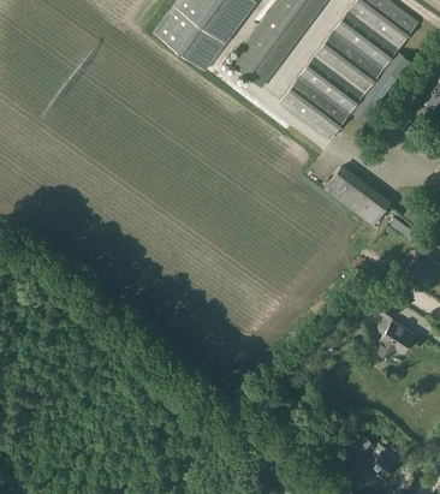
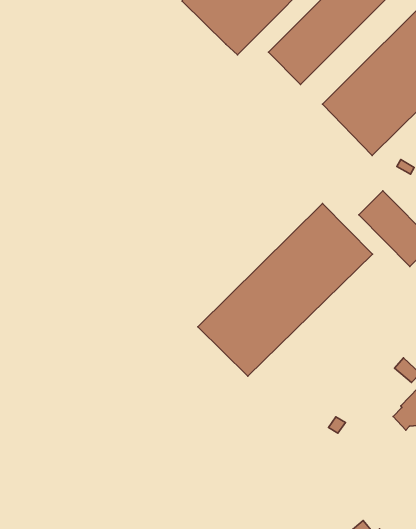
building: none -> [198,203,373,376]

